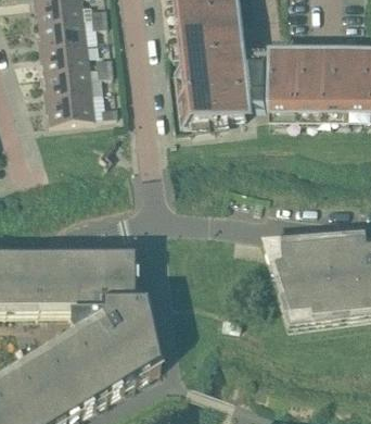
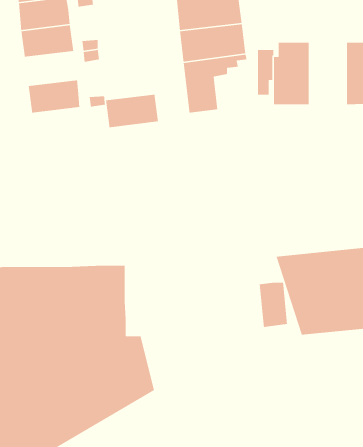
building: [298,51,331,108] -> none
building: [44,60,92,90] -> [105,94,159,128]
building: [214,67,247,112] -> none
building: none -> [259,282,288,328]

